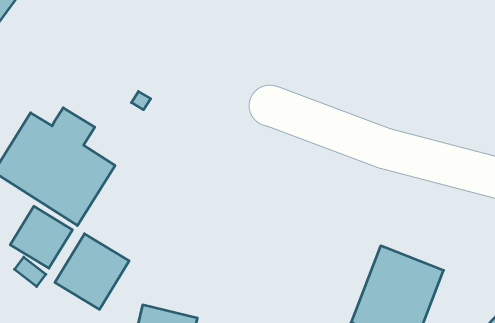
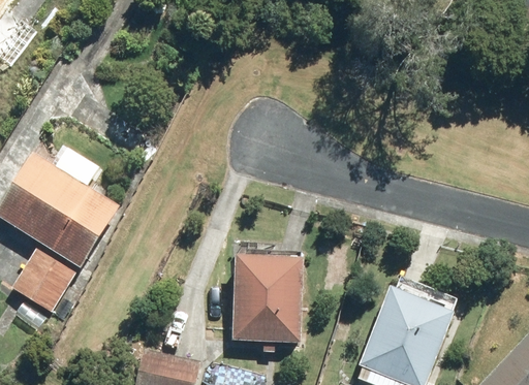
building: none -> [231,258,302,353]
building: [55,234,129,309] -> none

